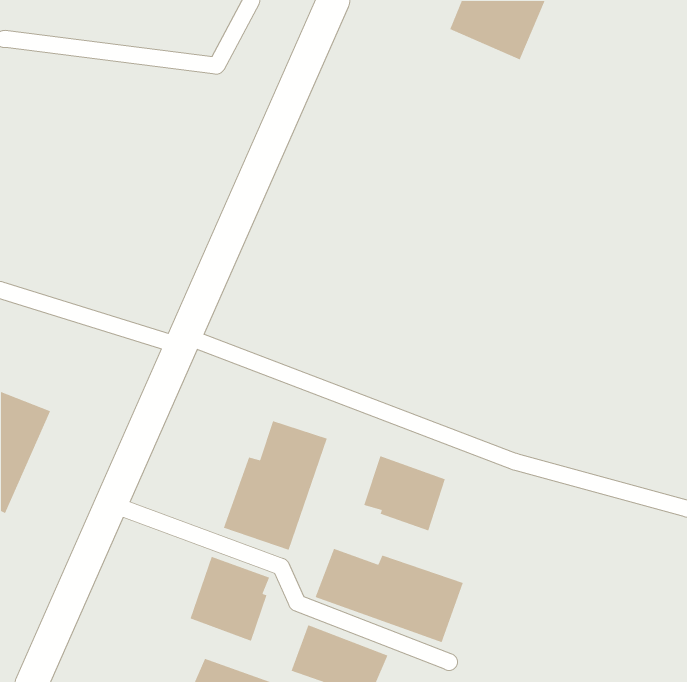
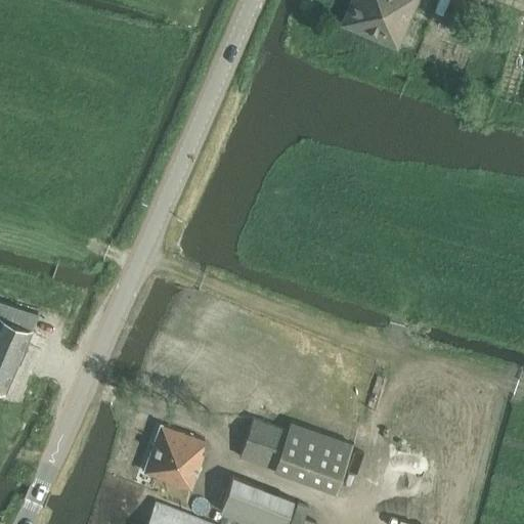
building: [223,420,328,551] -> none
building: [363,455,446,532] -> none

